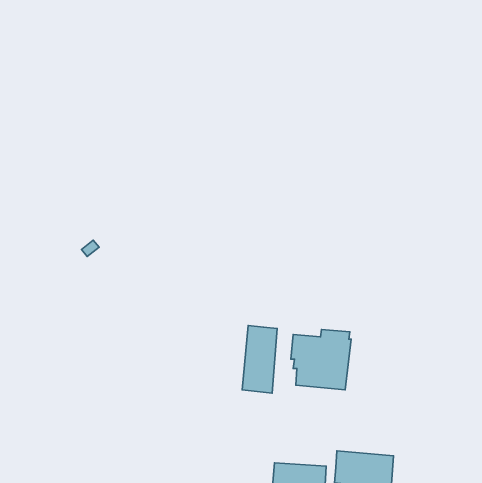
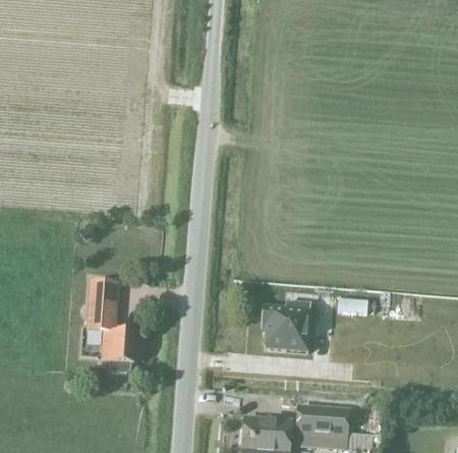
building: none -> [89,278,135,373]
building: [242,325,277,393] -> none

